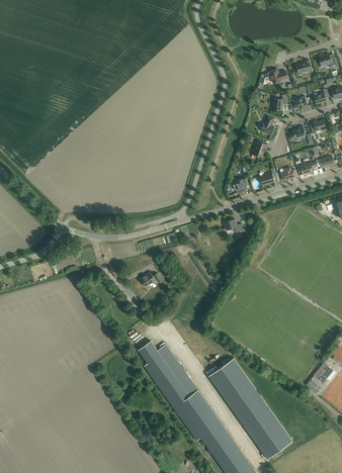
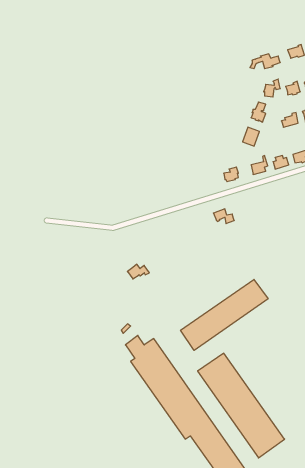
building: none -> [181,279,268,350]

